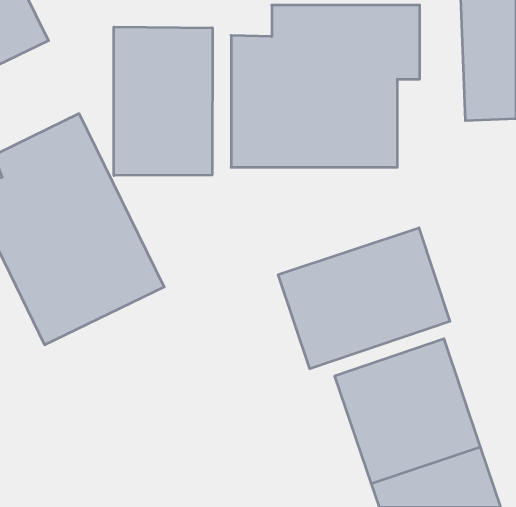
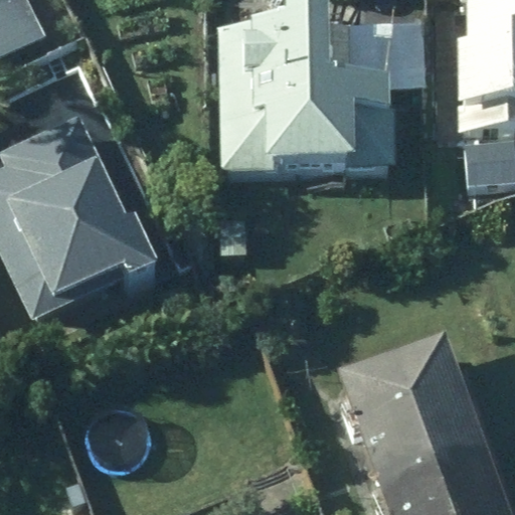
building: [114,27,212,176] -> none
building: [278,228,450,369] -> none

